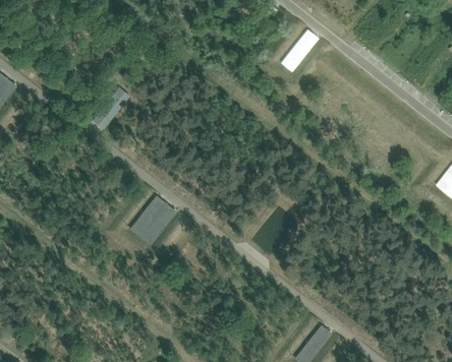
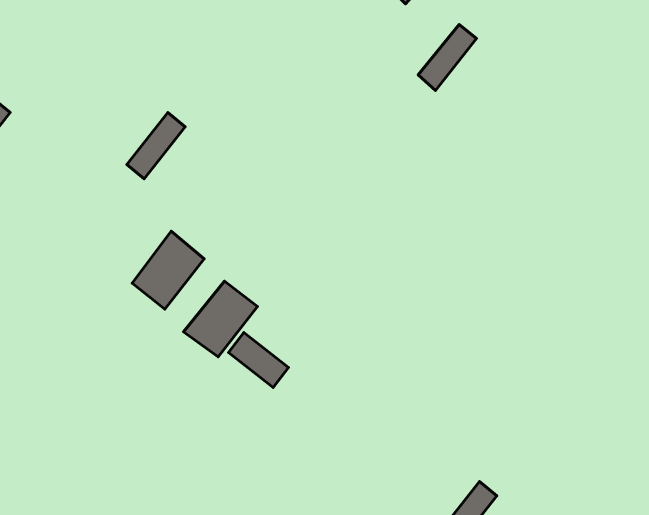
building: none -> [132,231,204,309]
building: none -> [228,332,288,388]

